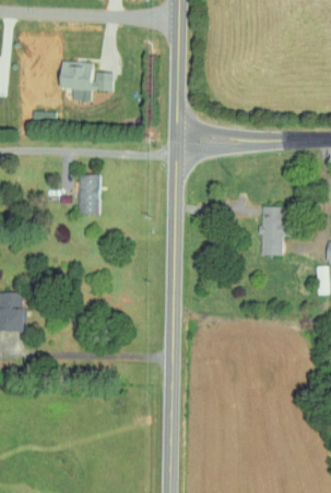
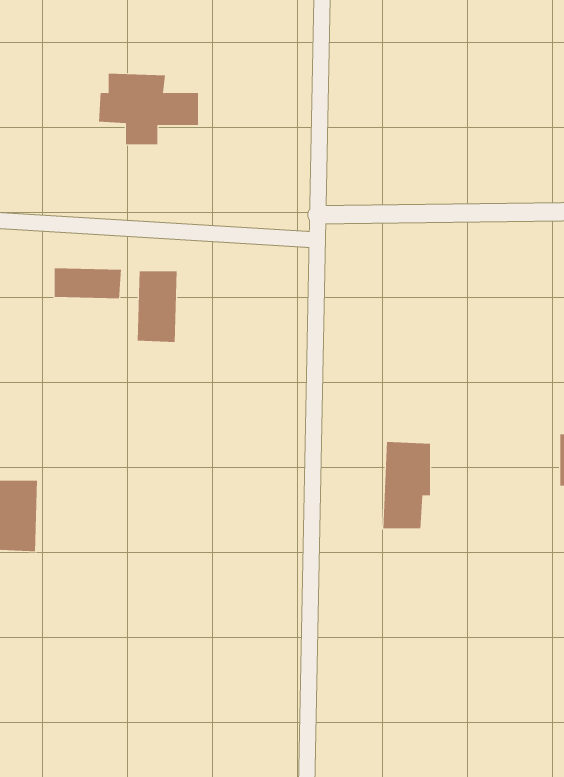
building: none -> [54,267,121,299]
building: [260,205,287,254] -> [382,442,431,529]

